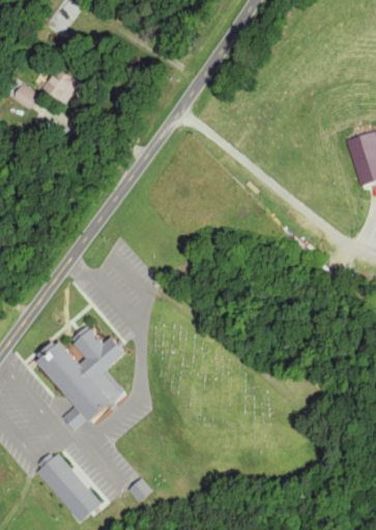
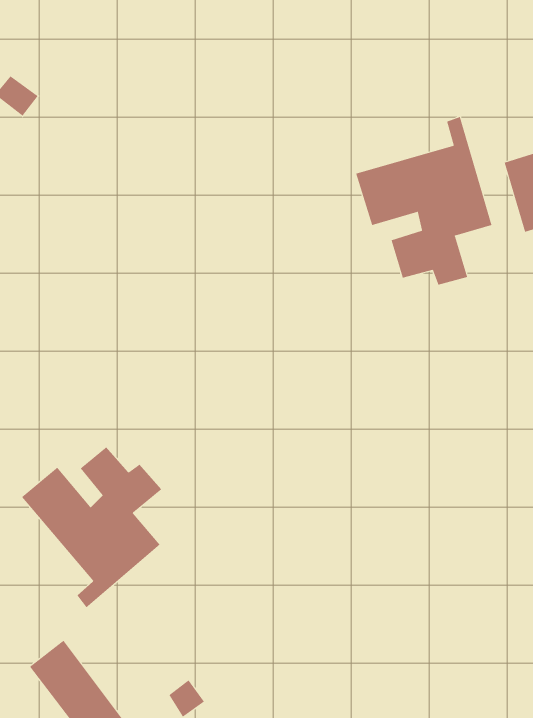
building: [44,68,80,104] -> none
building: none -> [356,116,492,285]

